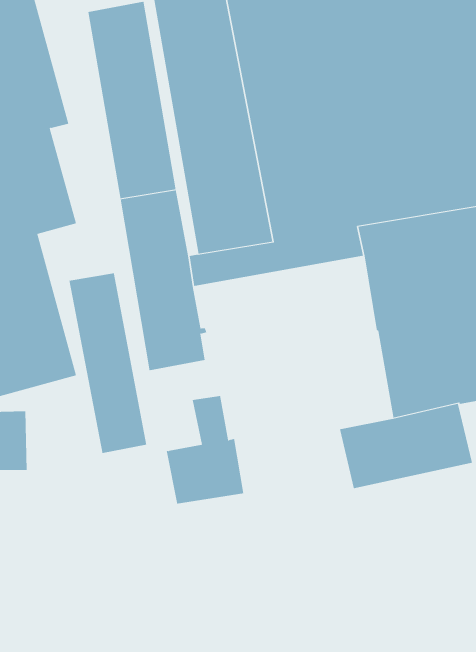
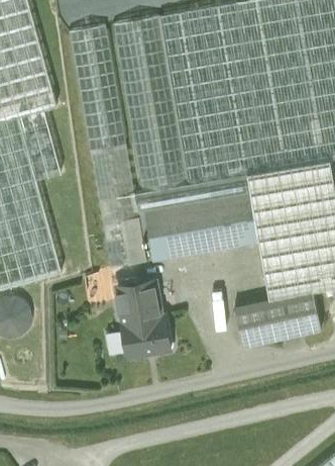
building: none -> [144,191,258,260]
building: [69,272,147,454] -> none
building: none -> [117,286,143,319]

